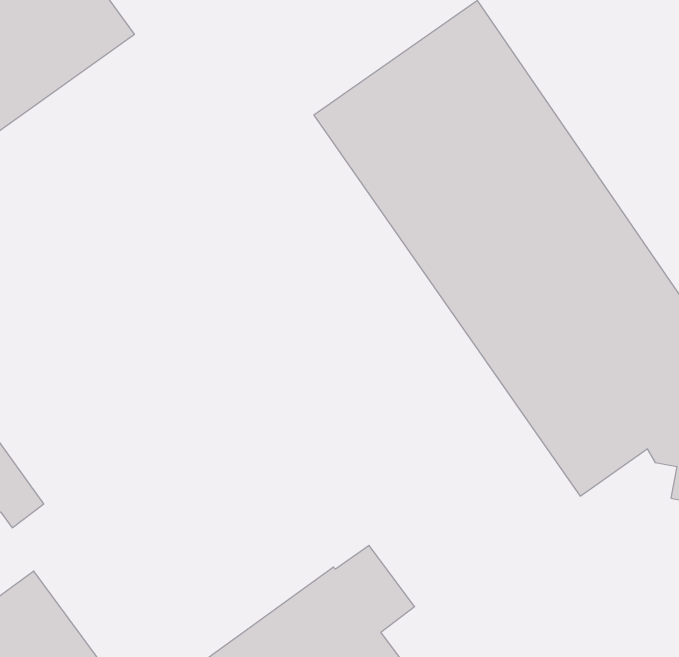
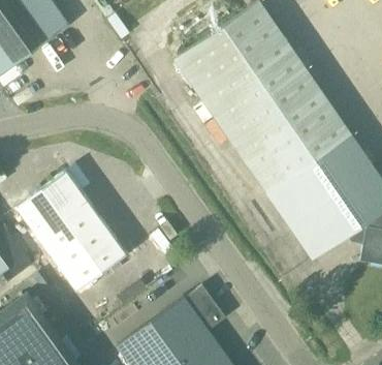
building: none -> [15,171,127,292]

